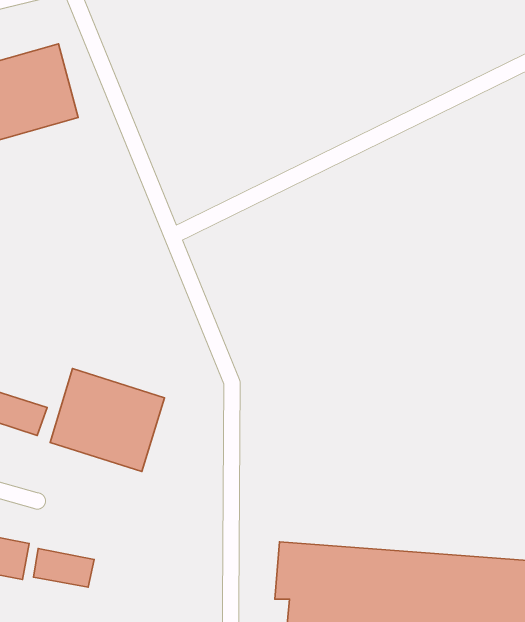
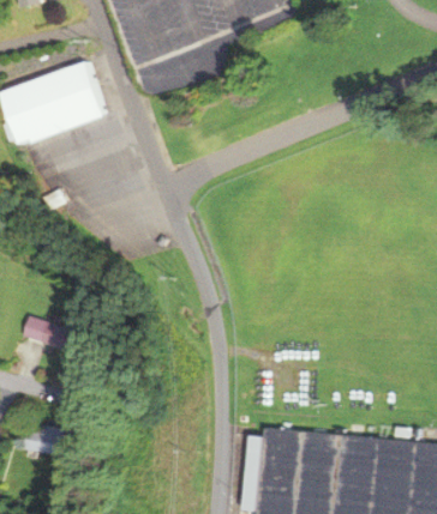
building: [50,369,164,472] -> none
building: [33,549,94,587] -> none

